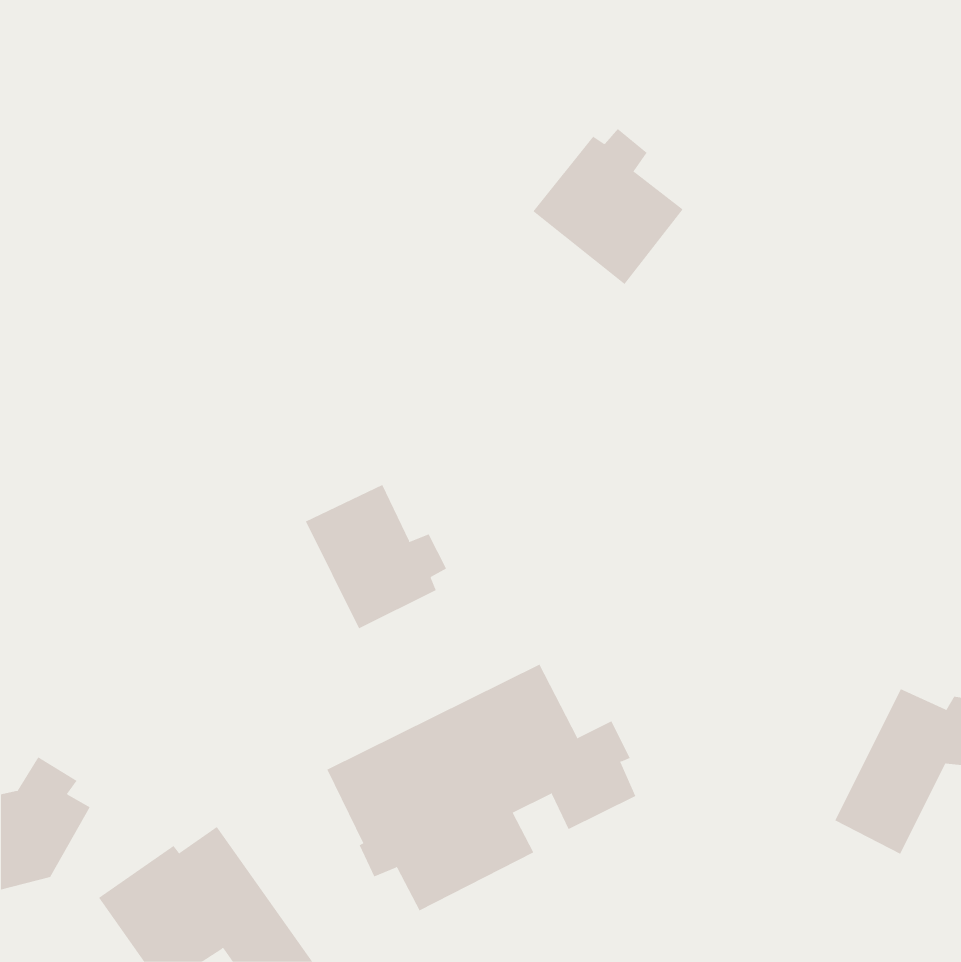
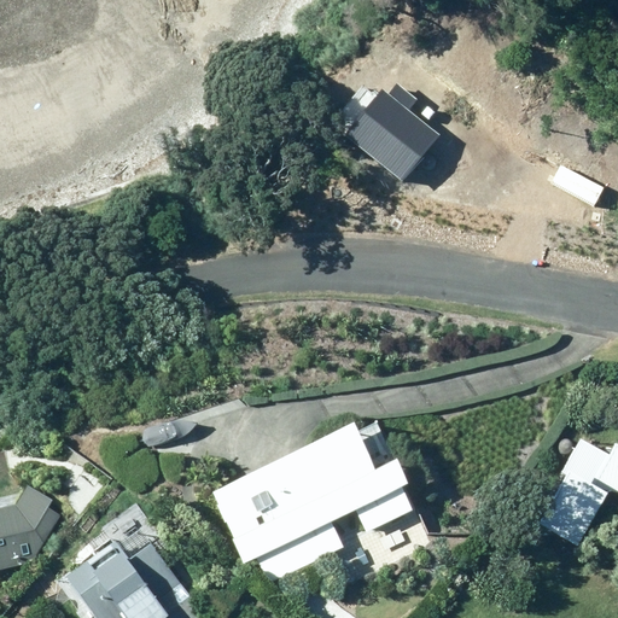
building: [305,484,447,629] -> none

